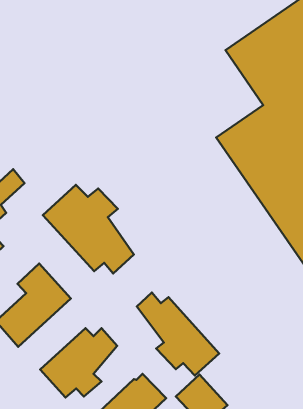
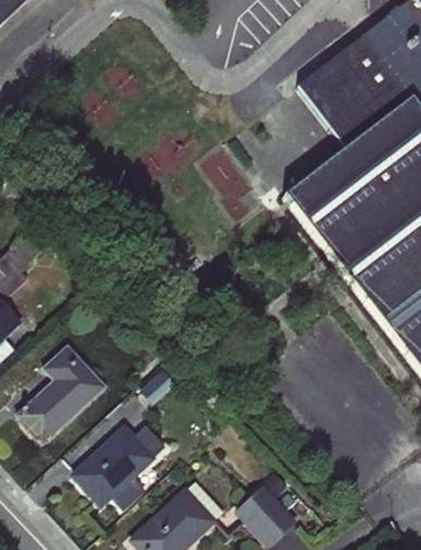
building: [43,185,134,273] -> none
building: [137,293,219,375] -> none

